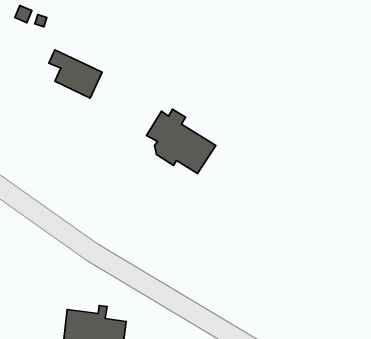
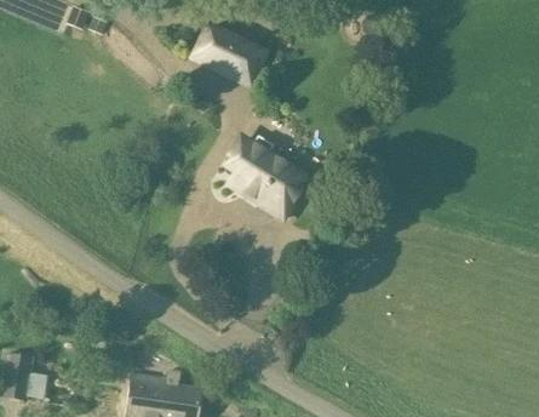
building: [49,50,102,98] -> [201,25,265,84]

